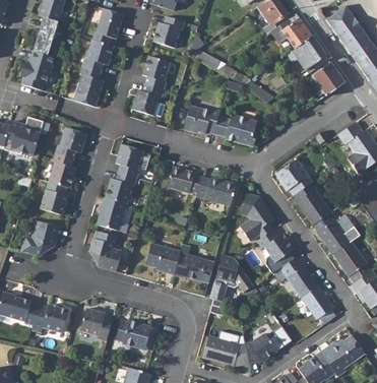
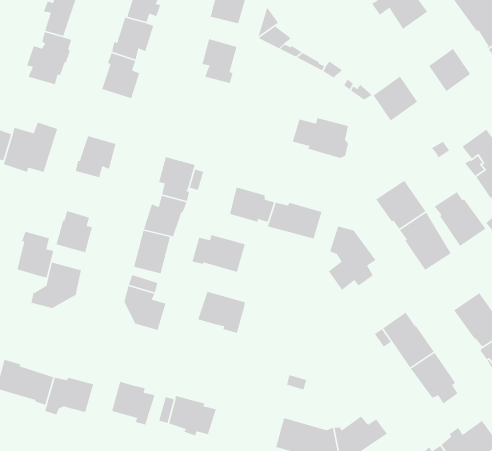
building: [294,37,327,70] -> [372,76,418,121]
building: [138,84,170,116] -> none
building: [183,104,221,132] -> none
building: [50,153,77,188] -> [16,231,54,278]
building: [313,214,352,255] -> [434,191,486,247]
building: [255,230,294,262] -> none
building: [175,252,214,280] -> [191,234,246,273]
building: [210,253,254,300] -> none

